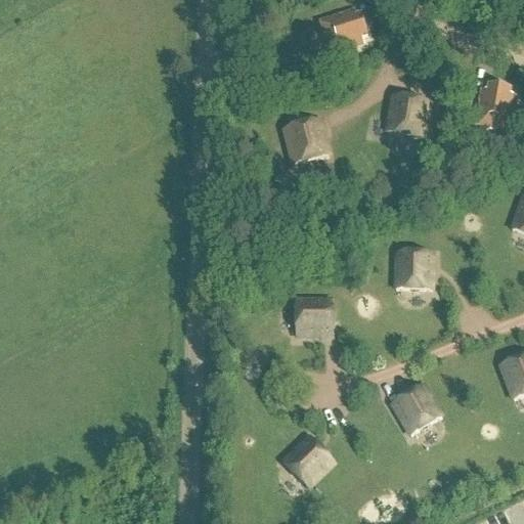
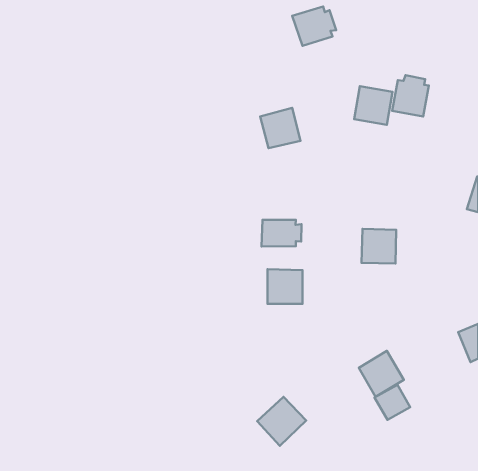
building: [474,82,514,127] -> [392,75,429,117]
building: none -> [261,220,302,246]
building: none -> [375,385,410,420]

